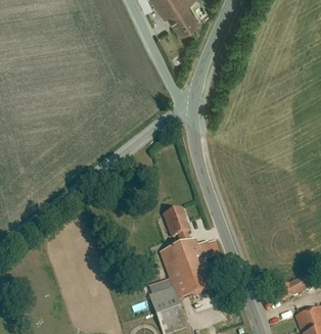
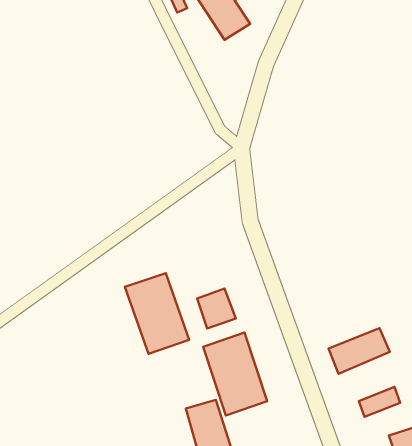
building: none -> [125,273,189,354]
building: none -> [328,328,390,374]

